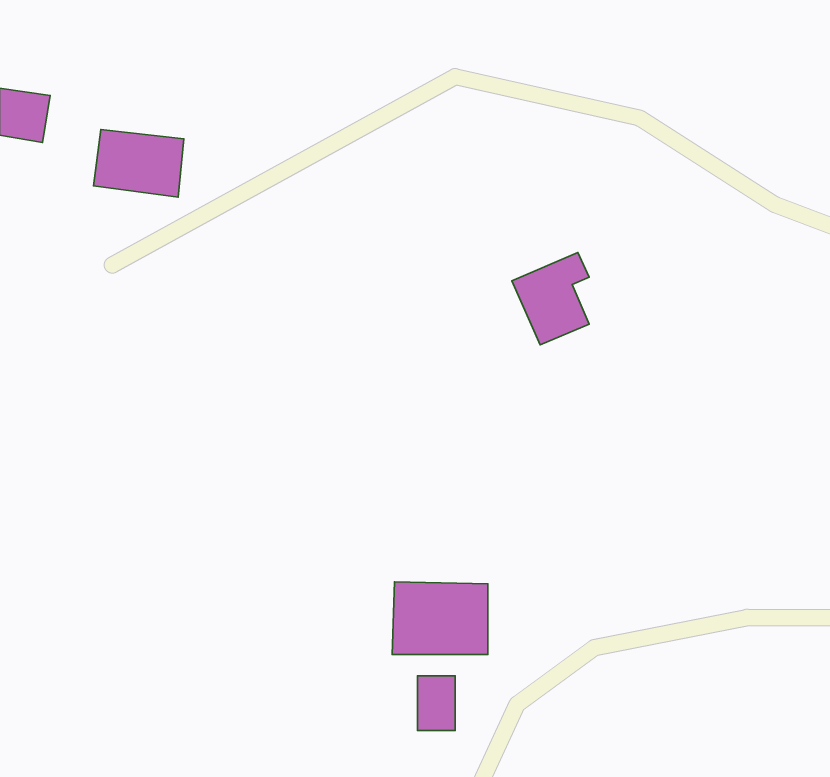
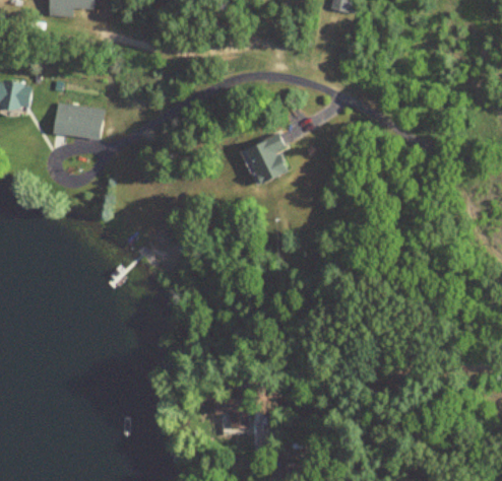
building: [512,253,589,345] -> [243,133,285,183]
building: [392,582,488,654] -> none

